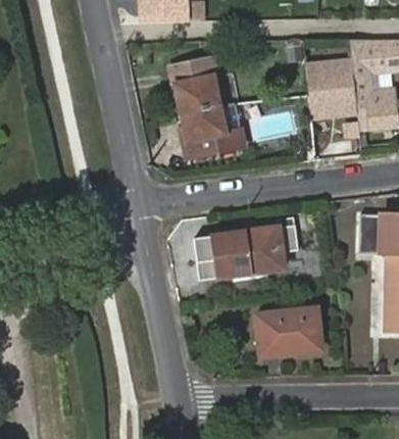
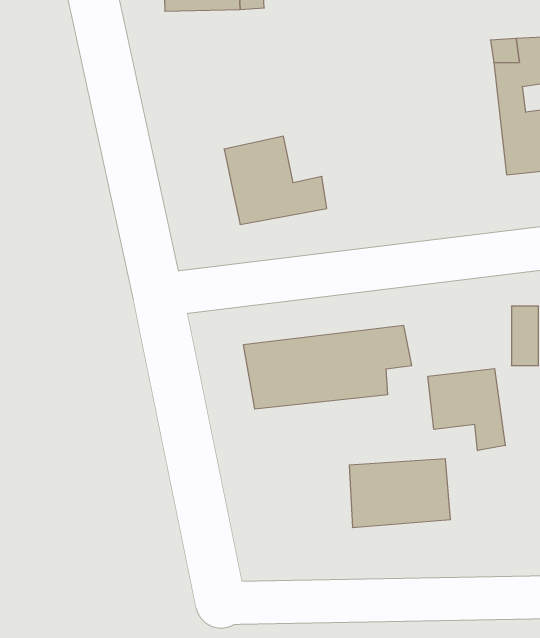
building: [170,55,220,110] -> none
building: [306,57,357,121] -> none
building: none -> [428,369,505,451]

